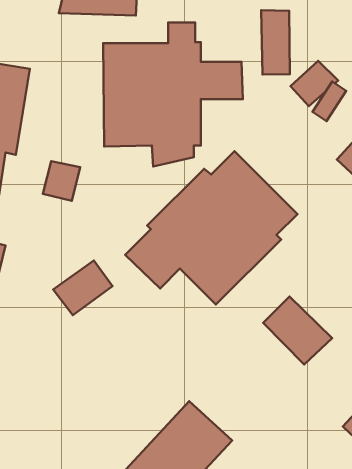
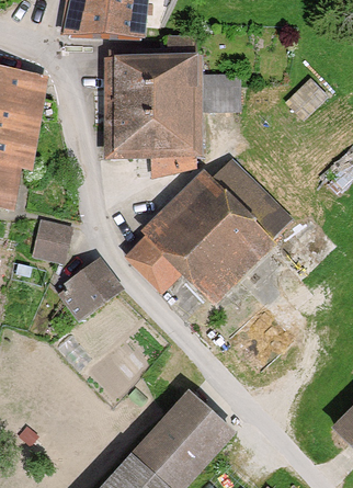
building: [261,10,290,75] -> none
building: [43,161,80,201] -> [34,224,69,261]
building: [263,297,332,364] -> none

